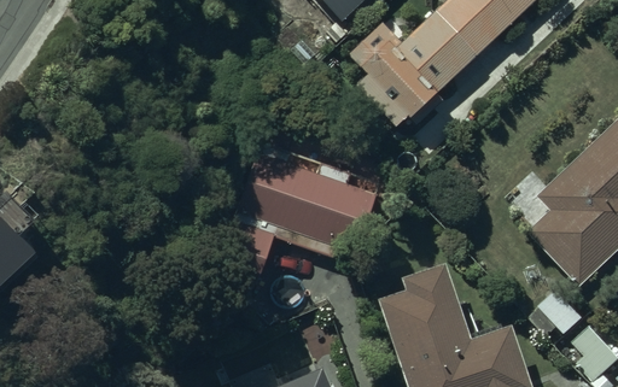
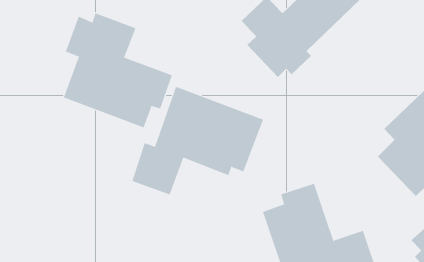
building: none -> [63,13,173,128]

